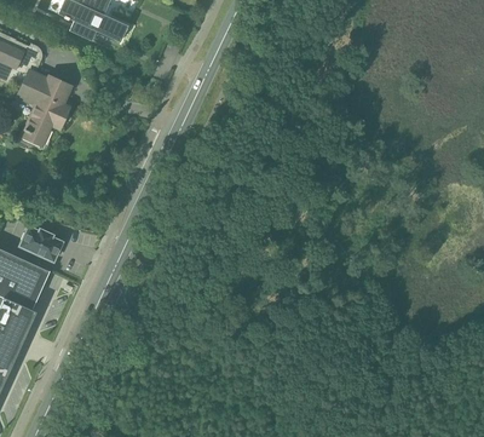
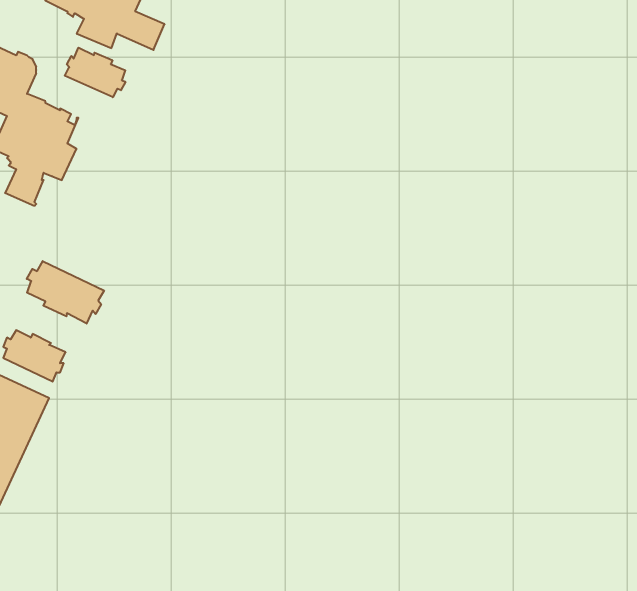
building: none -> [65,48,125,97]
building: none -> [27,261,104,324]

